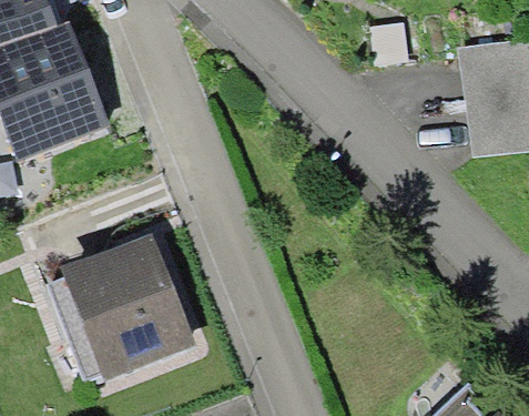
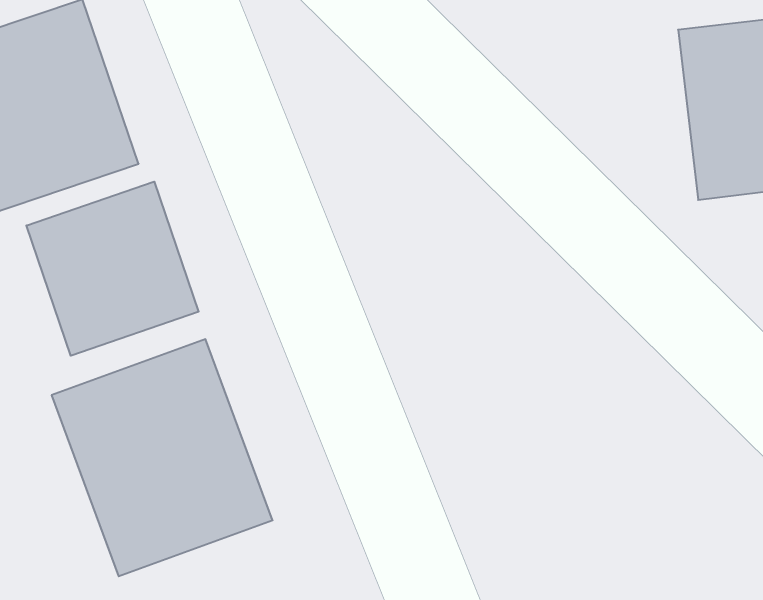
building: none -> [26,182,199,356]

